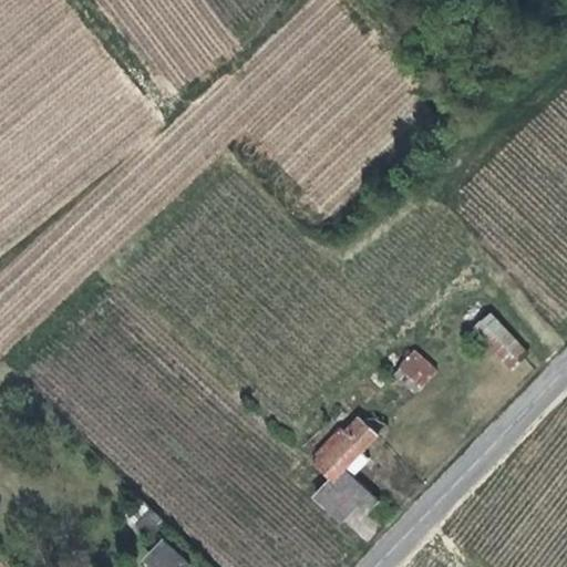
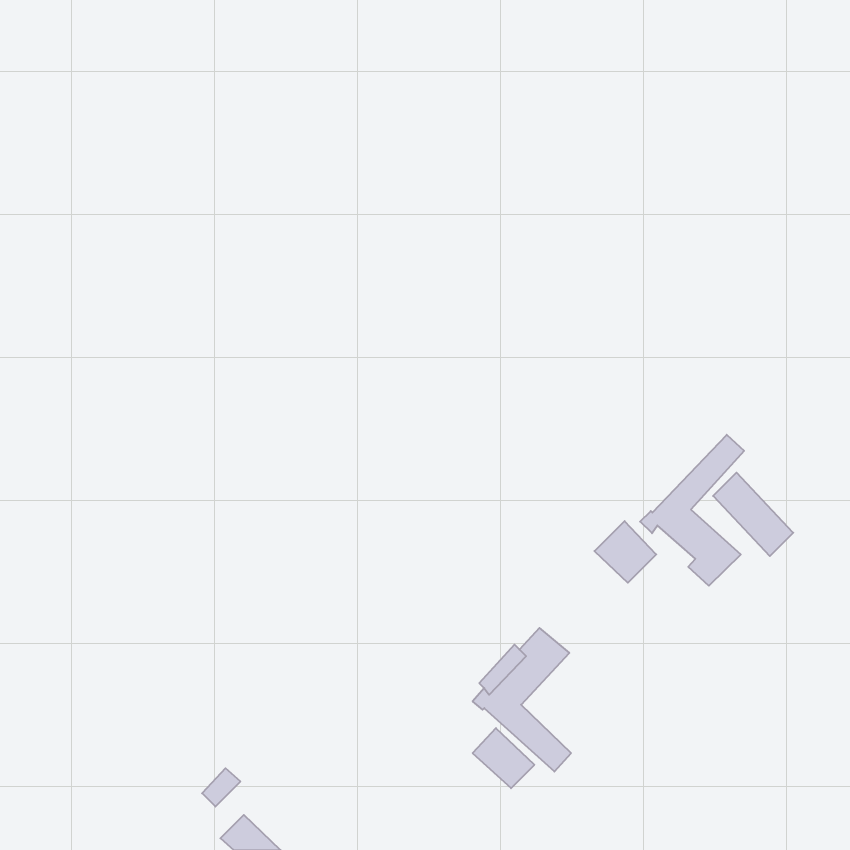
building: none -> [640,435,744,586]

